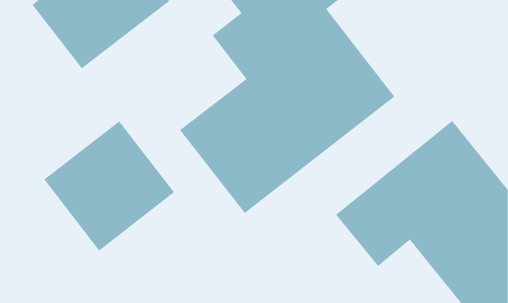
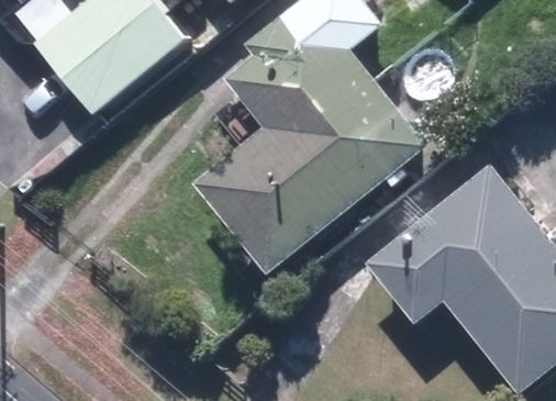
building: [44,120,175,251] -> none

